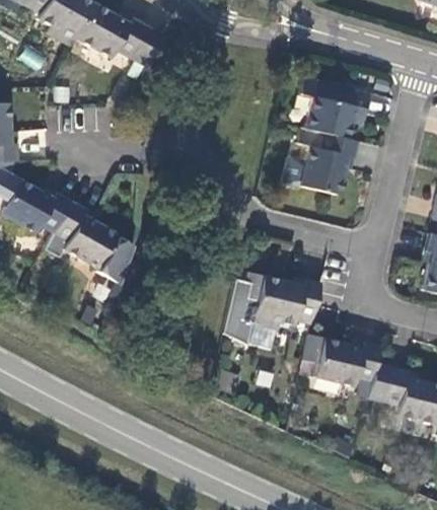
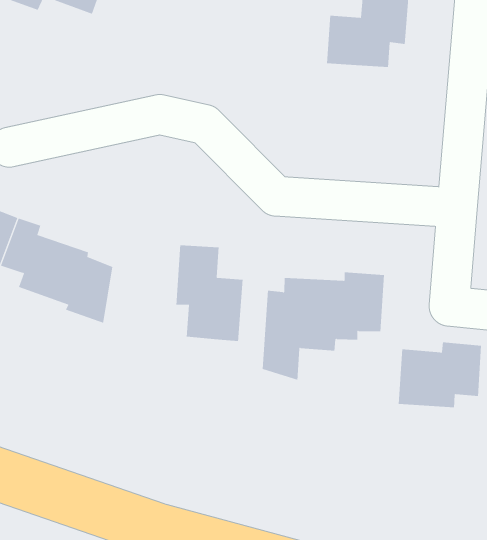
building: [284,133,358,195] -> none
building: none -> [176,245,243,342]

